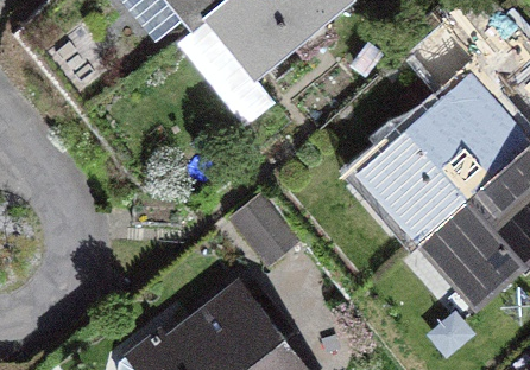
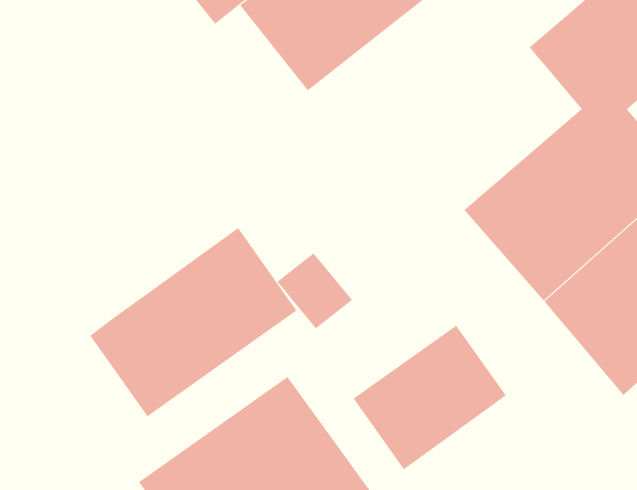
building: none -> [89,227,297,417]
building: none -> [353,325,506,470]

